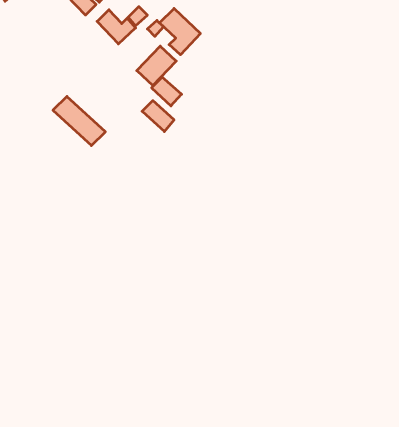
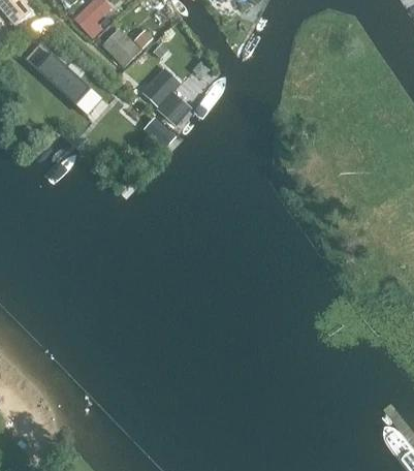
building: [160,8,200,55] -> none
building: [53,96,105,146] -> [37,59,88,106]

